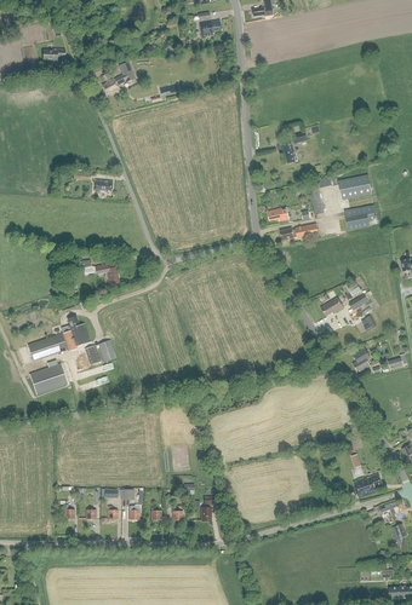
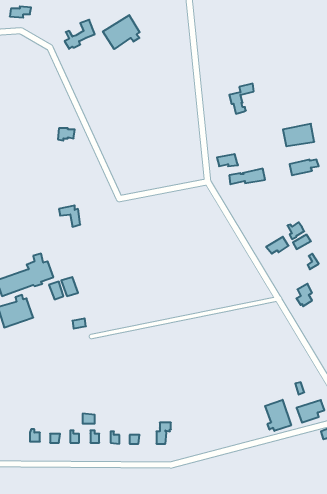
building: none -> [103,15,140,49]
building: none -> [265,400,291,431]

